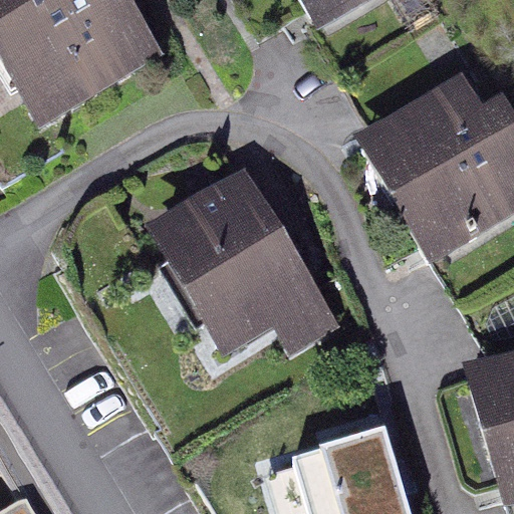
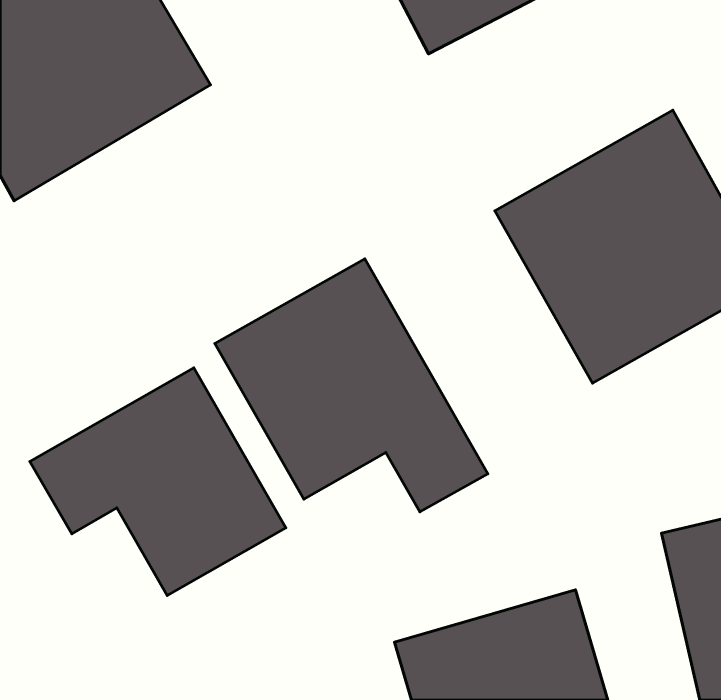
building: none -> [30,368,286,596]

